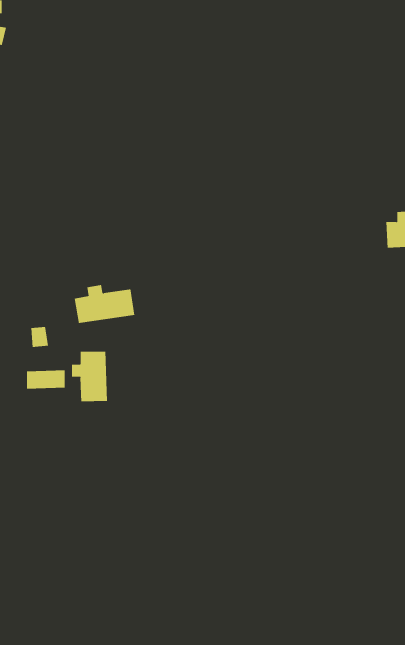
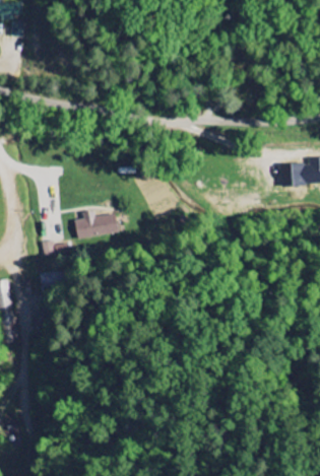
building: [71,351,108,402] -> none

